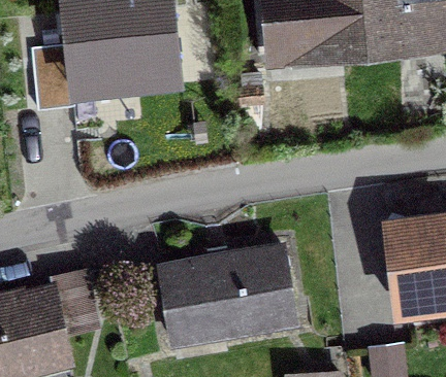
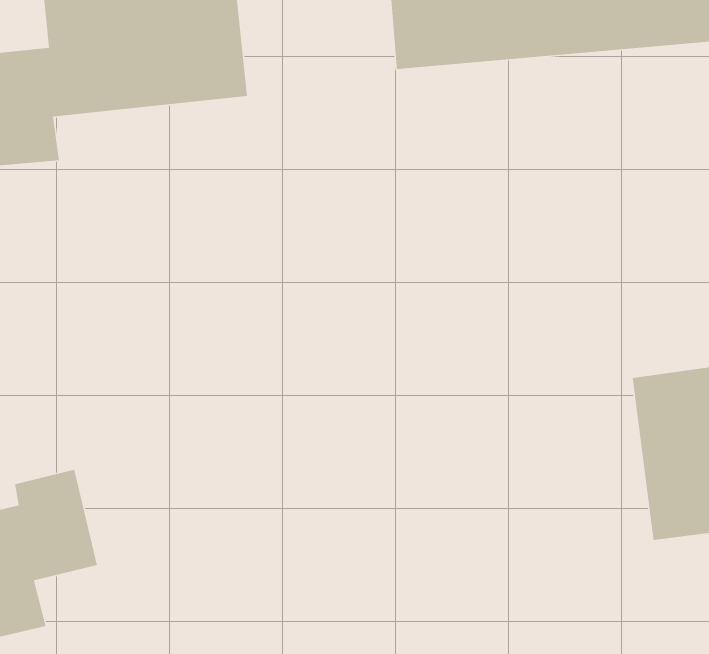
building: [162,249,294,342] -> none

